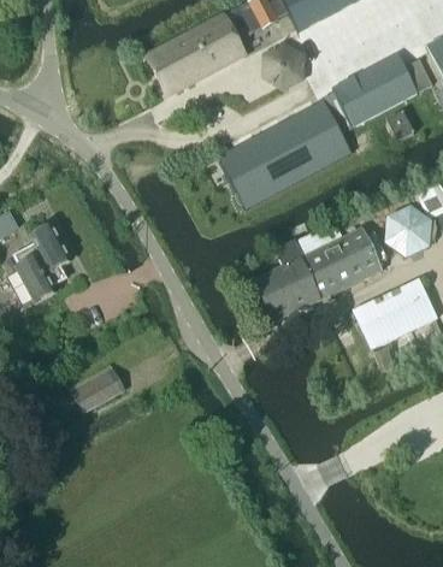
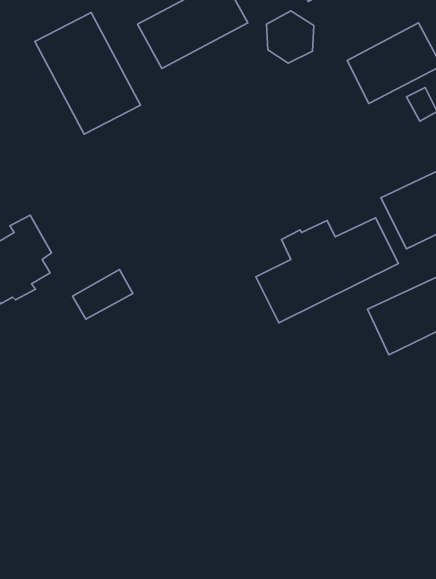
building: none -> [35,12,140,134]
building: [217,98,350,205] -> none
building: [71,367,125,412] -> [72,269,133,319]

